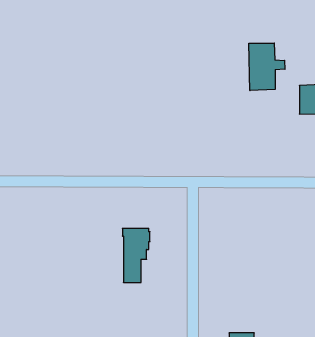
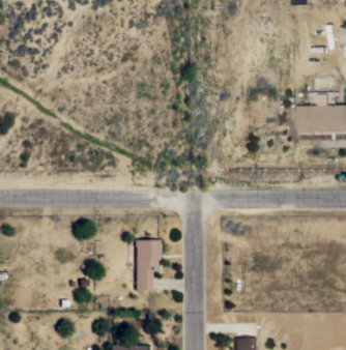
building: [249,43,285,91] -> none

